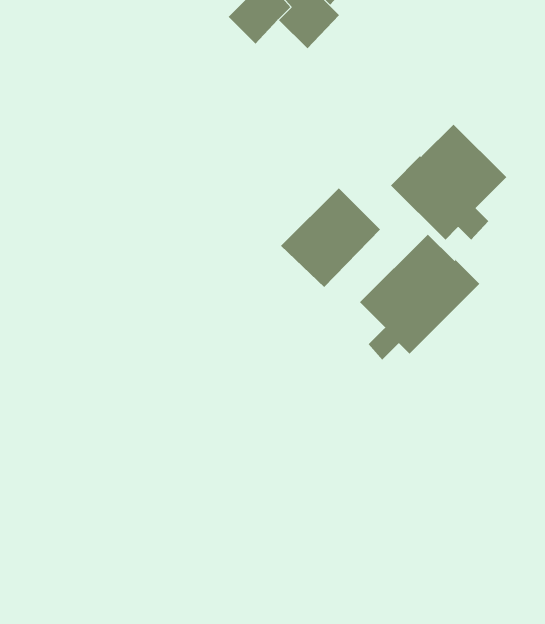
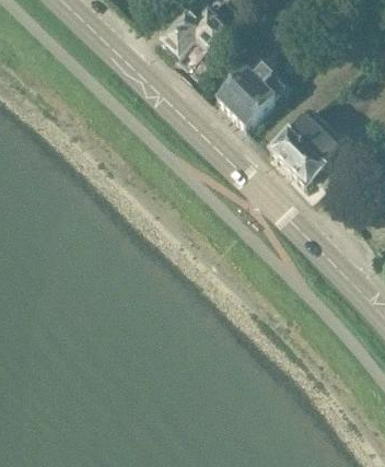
building: [280,187,381,288] -> [217,57,284,125]
building: [359,234,480,361] -> none

